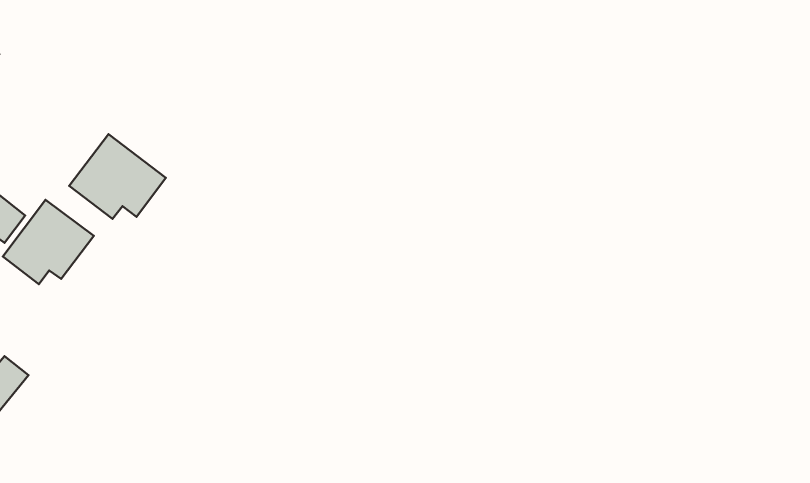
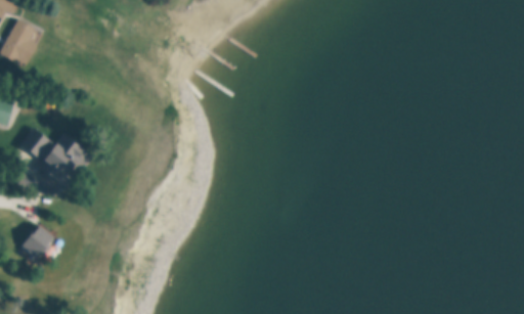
building: [69,134,166,219] -> none

